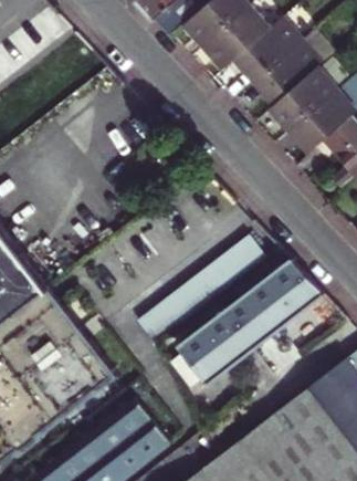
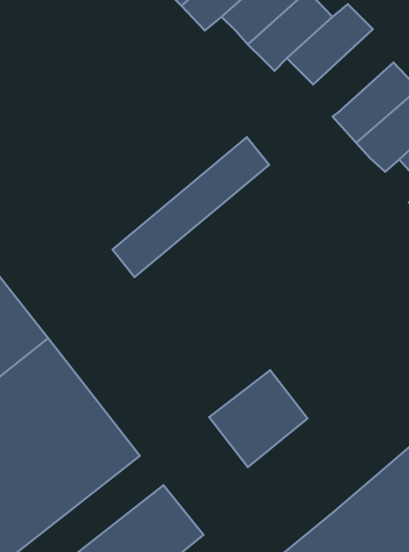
building: [256,38,325,104] -> none
building: [134,232,259,344] -> [112,137,269,277]
building: [222,259,321,348] -> none

